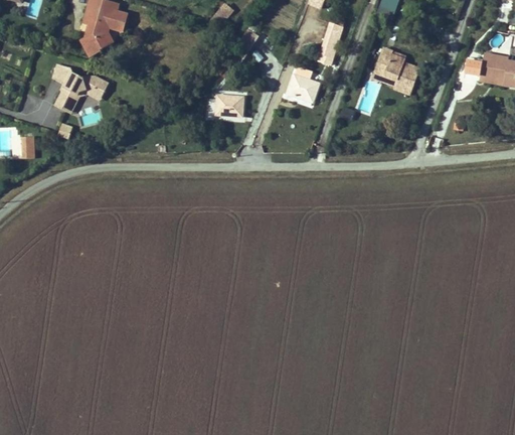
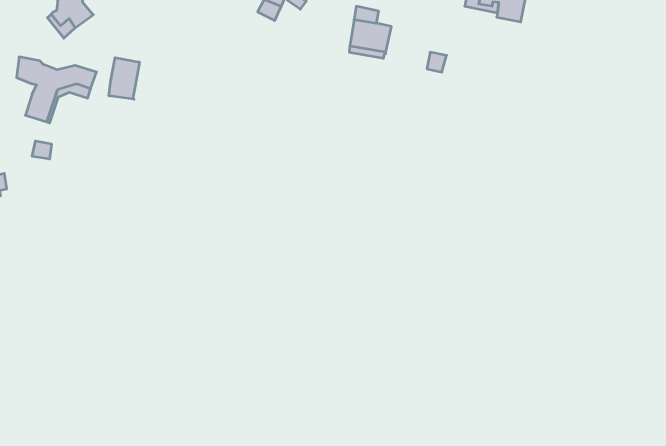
building: none -> [109,58,139,99]
building: [216,96,242,116] -> none

